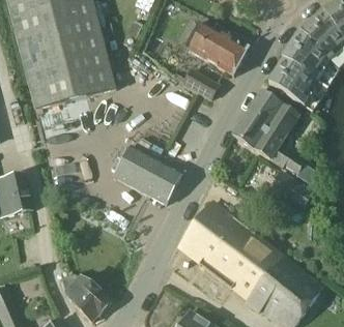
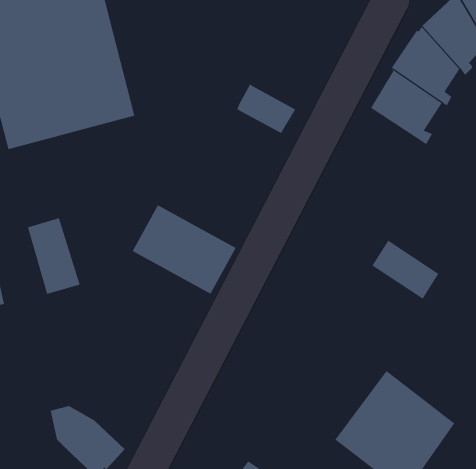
building: [189,23,249,76] -> none
building: [233,90,304,173] -> none
building: [180,201,279,296] -> none

